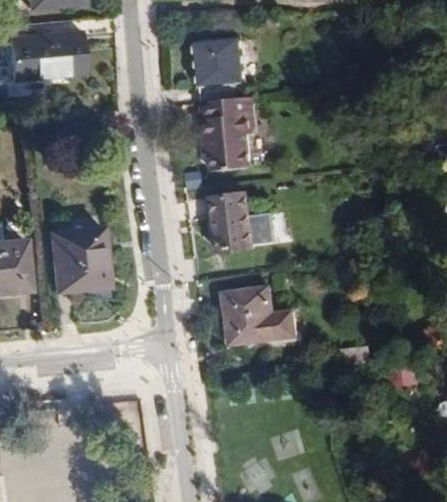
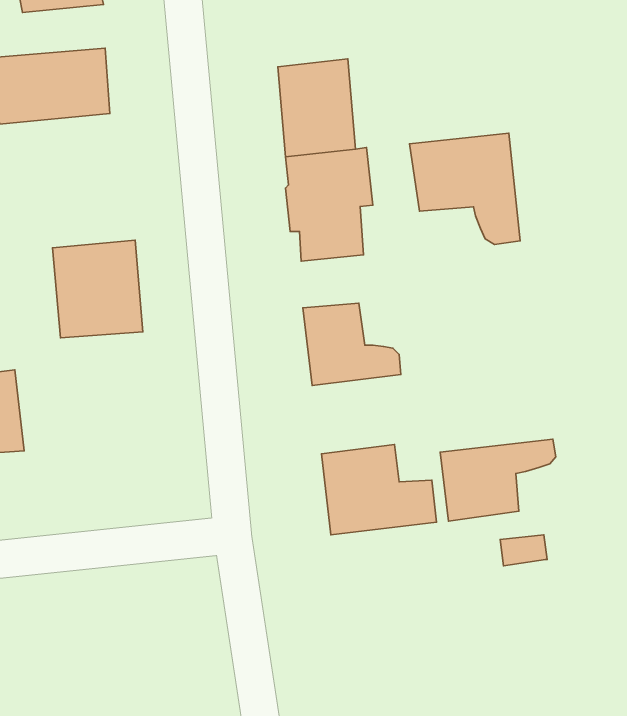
building: none -> [410,133,520,245]
building: [51,228,109,291] -> [53,240,143,338]
building: none -> [440,439,556,521]

